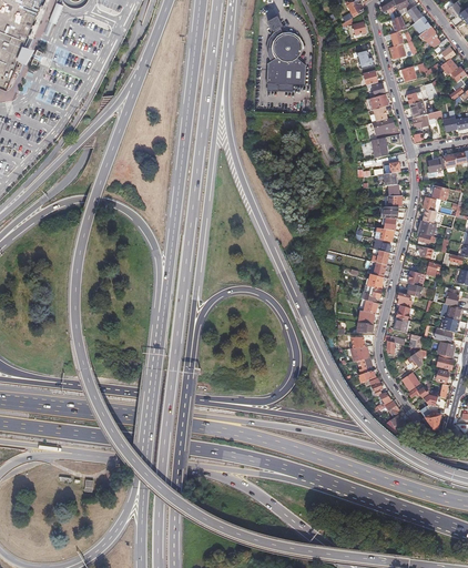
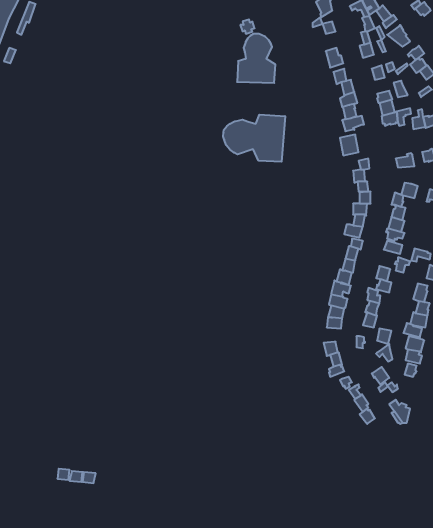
building: none -> [223,115,285,162]

